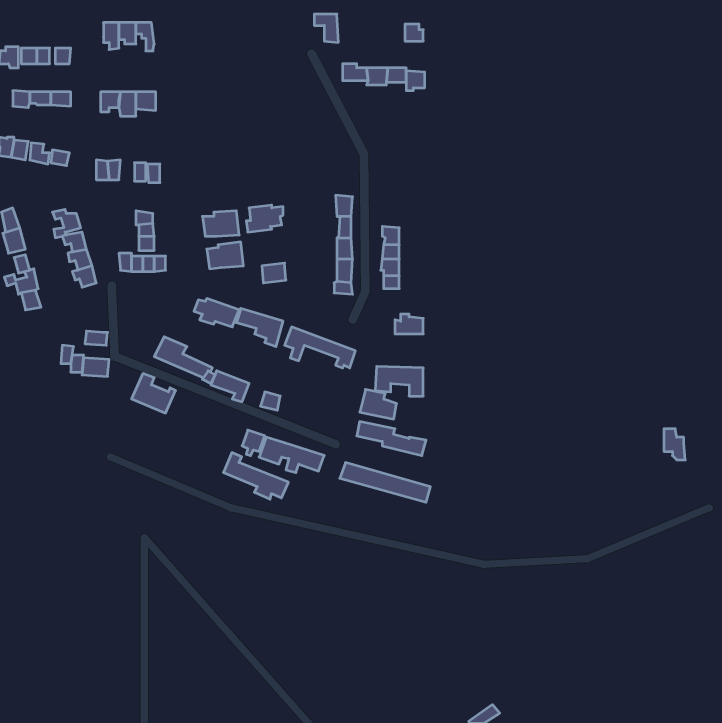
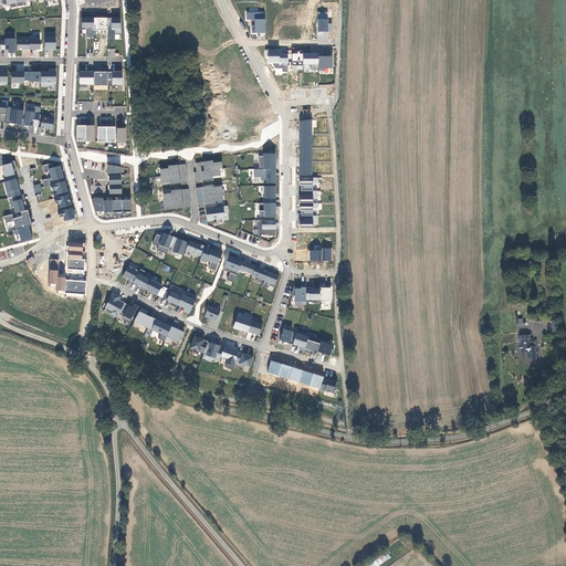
building: none -> [195,186,223,206]
building: [360,389,397,419] -> [232,312,261,335]
building: [223,453,288,499] -> [133,307,184,344]

